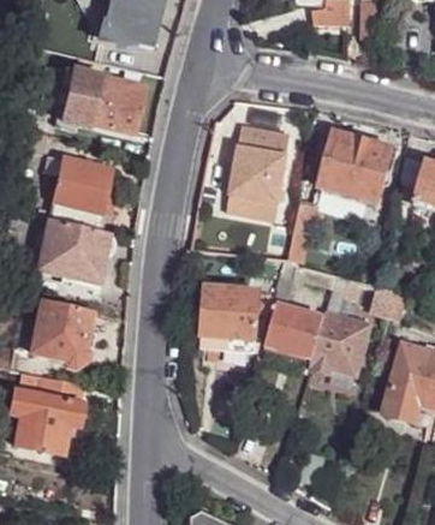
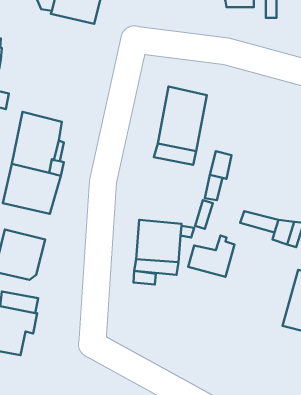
building: [61,66,144,131] -> none
building: [320,132,392,203] -> none
building: [309,314,370,376] -> none

